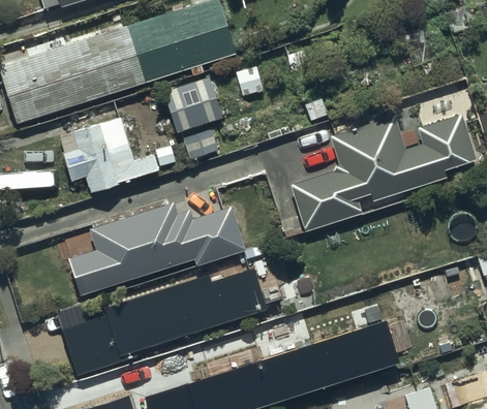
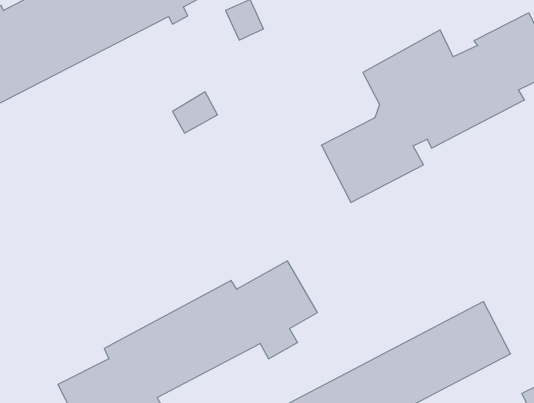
building: [161,76,222,132] -> none
building: [63,117,159,191] -> none
building: [66,201,244,295] -> none

